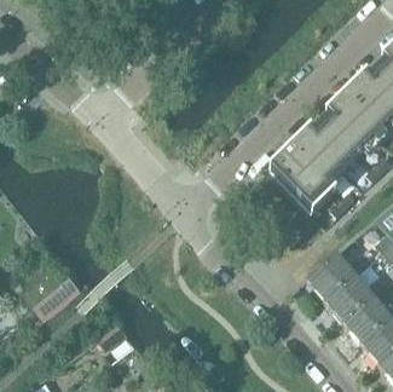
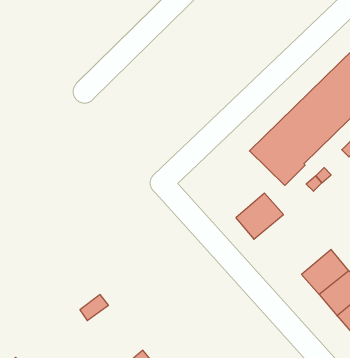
building: [305,250,353,298] -> [236,193,283,239]

